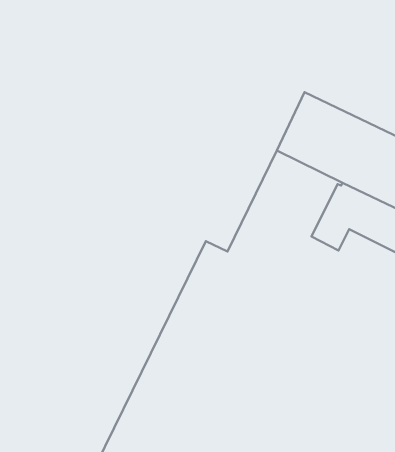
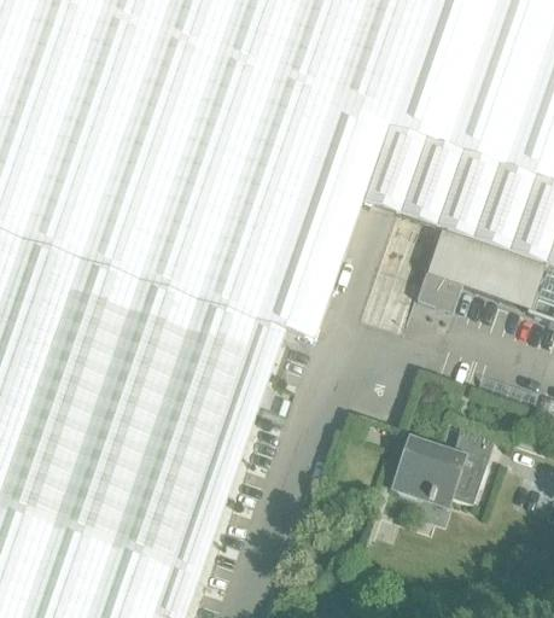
building: none -> [391,433,494,506]

